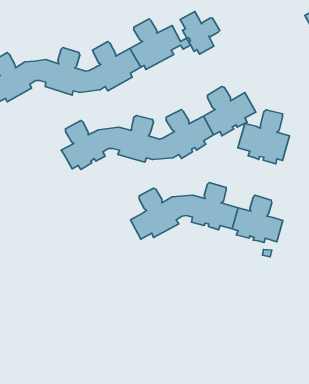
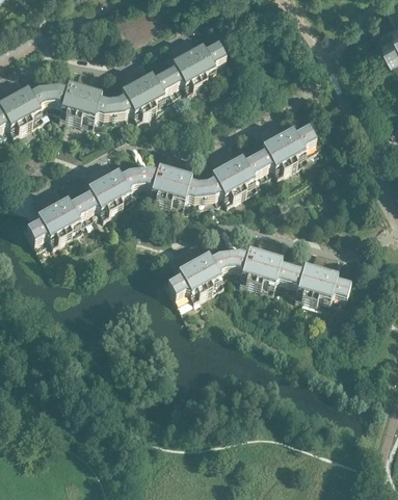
building: [180,11,220,54] -> none
building: [238,110,289,164] -> none
building: none -> [25,185,95,247]

